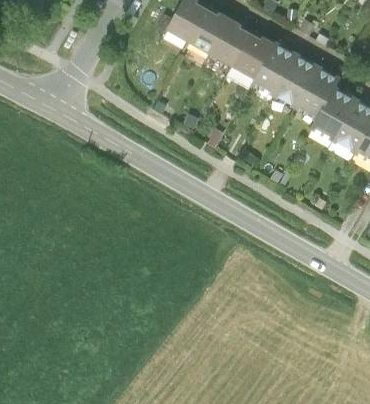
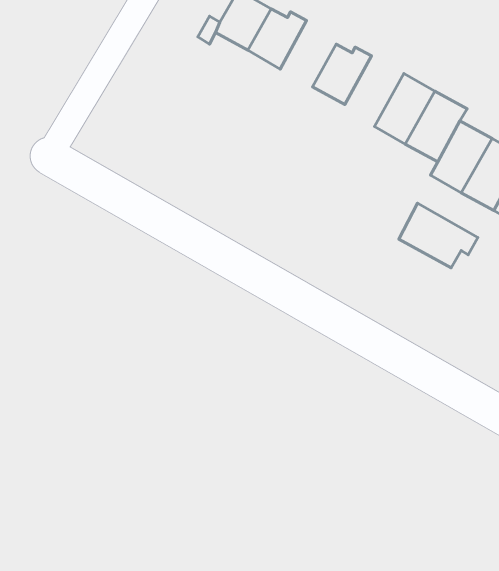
building: [213,20,251,65] -> none
building: [255,44,297,92] -> none
building: none -> [399,203,478,268]

